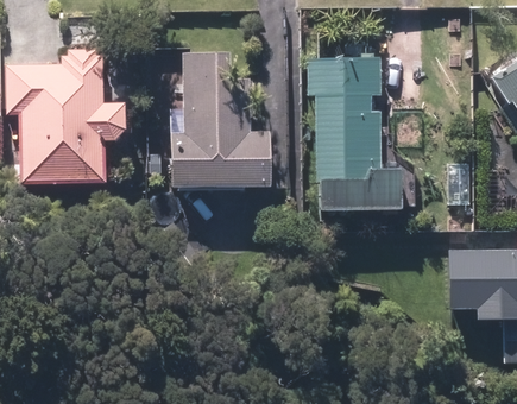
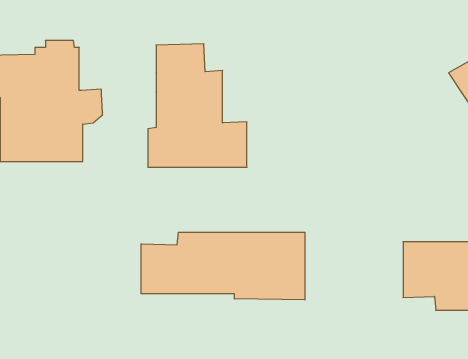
building: [313,62,387,184] -> none
building: none -> [141,232,305,300]

